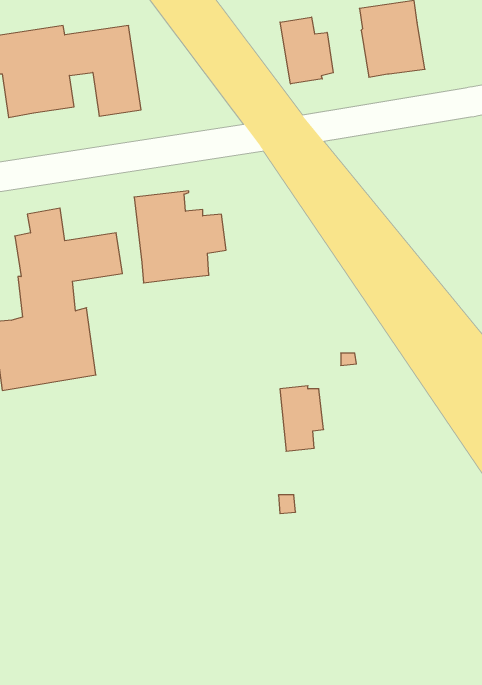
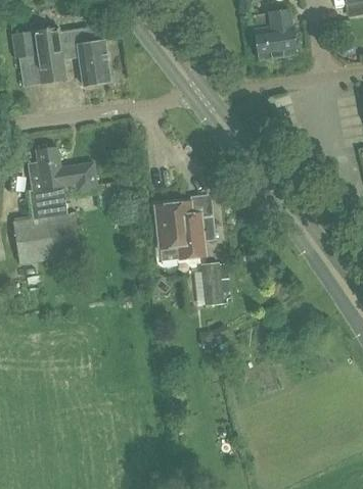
building: [280,17,333,84] -> none
building: [134,191,226,283] -> [155,200,216,260]

